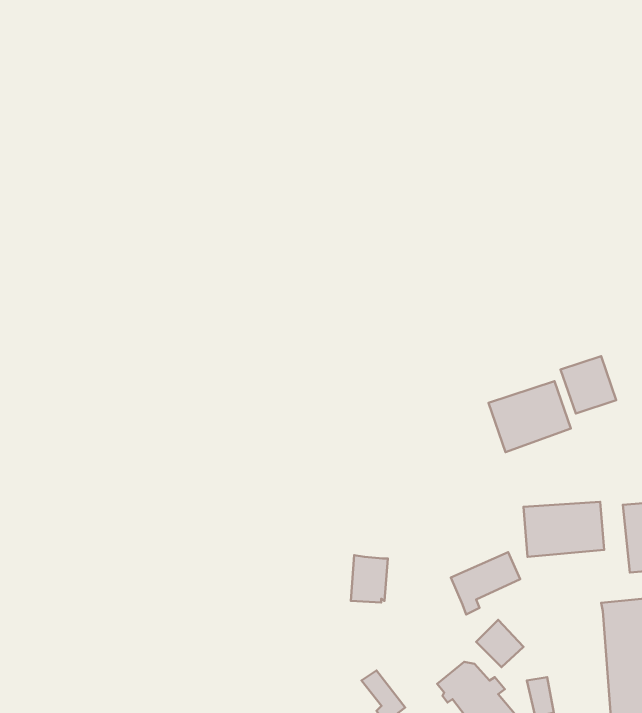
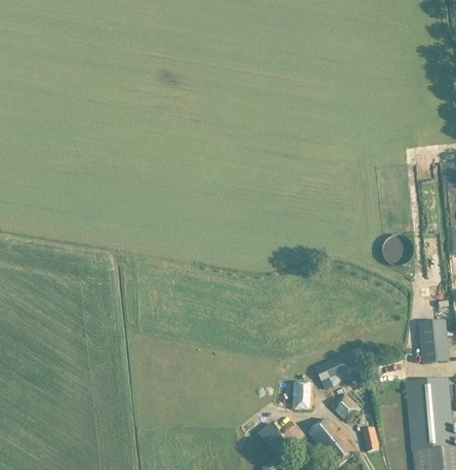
building: [488,381,571,452] -> none
building: [524,502,604,557] -> none
building: [351,555,388,602] -> [290,381,313,409]

